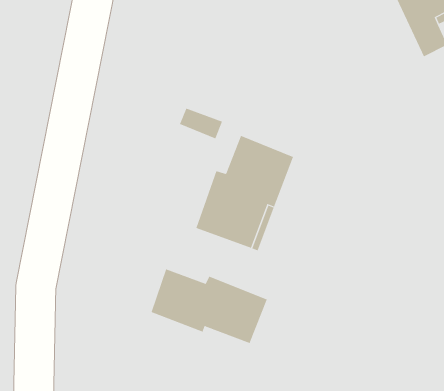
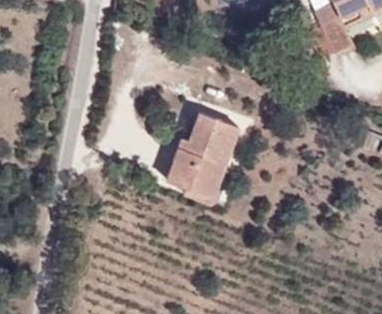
building: [151,269,268,344] -> none

